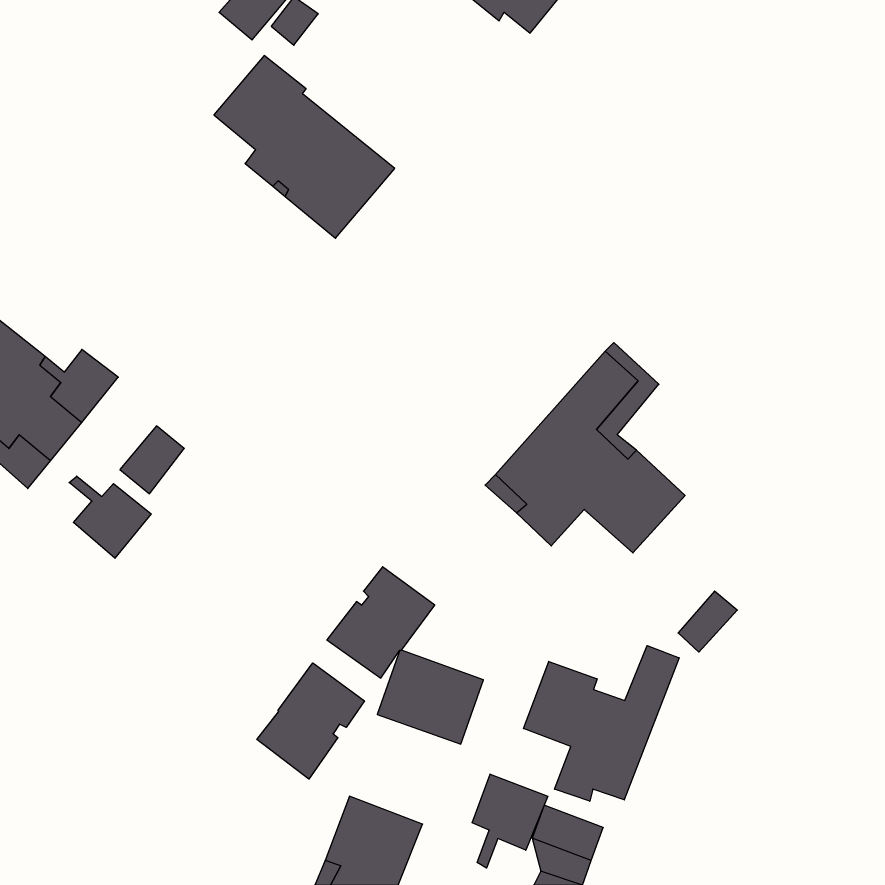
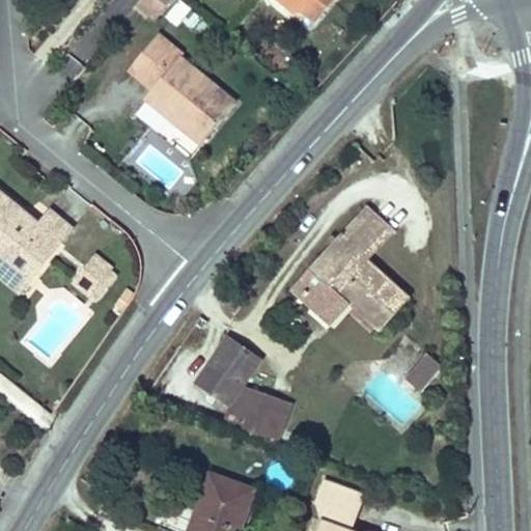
building: [69,476,151,558] -> none
building: [524,646,679,801] -> none
building: [257,663,364,779] -> none
building: [472,774,548,868] -> none

